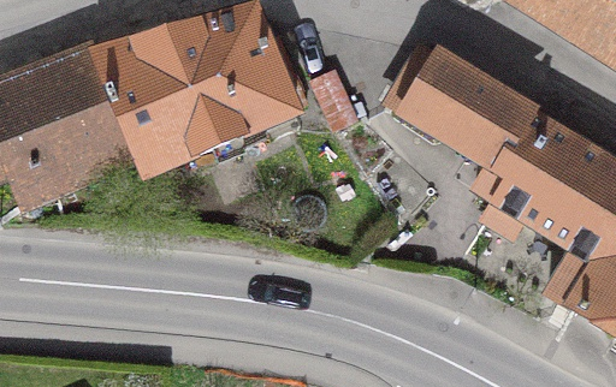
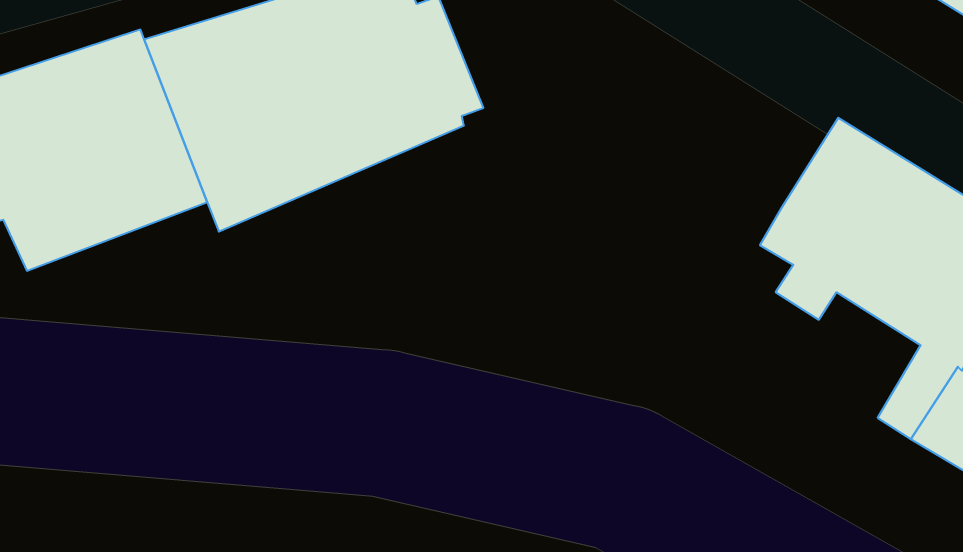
building: [390,47,523,163] -> none

